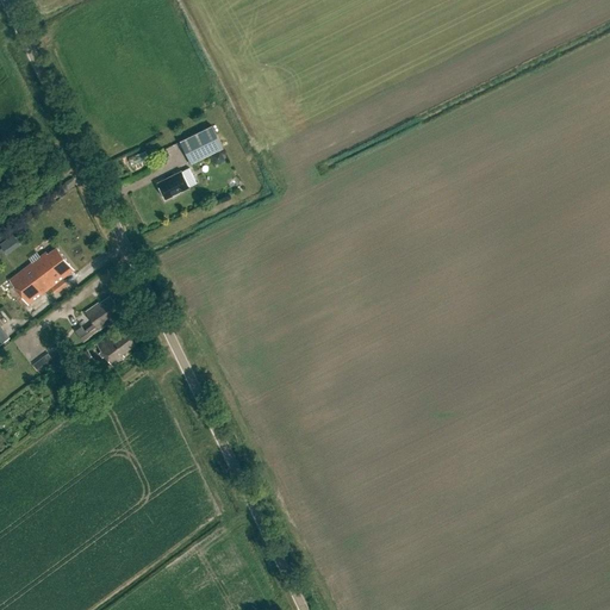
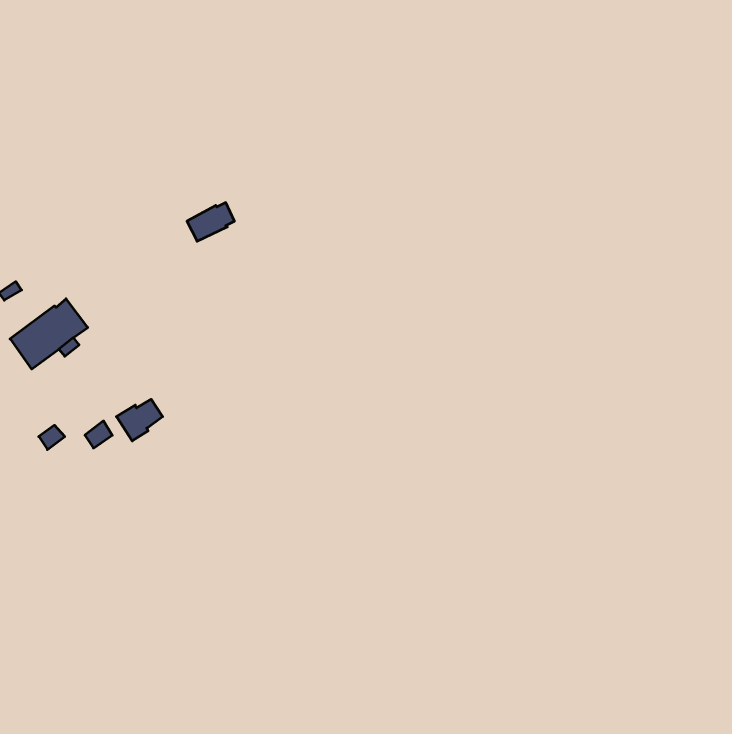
building: [178,126,220,163] -> none
building: [74,298,118,342] -> none

